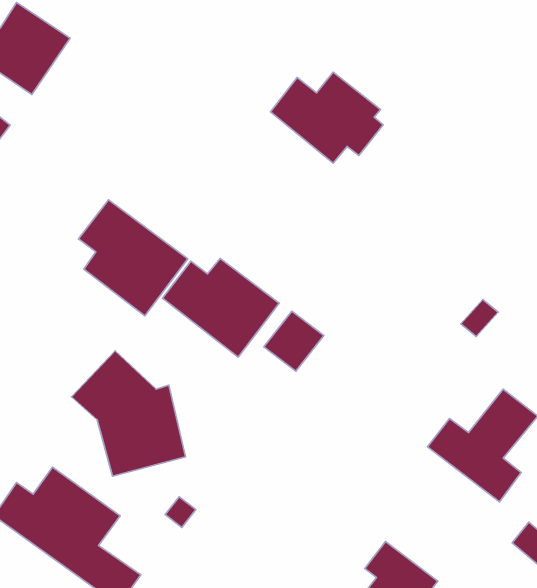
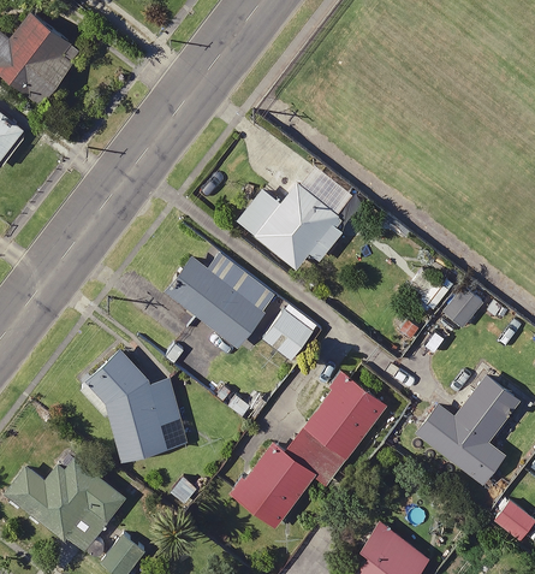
building: [270,72,383,163] -> [236,183,341,268]
building: [79,200,188,316] -> none
building: none -> [233,375,384,527]

